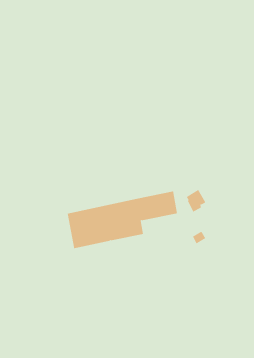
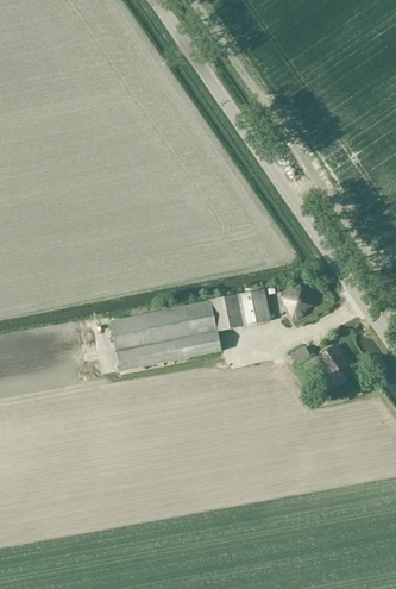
building: none -> [319,343,353,382]

